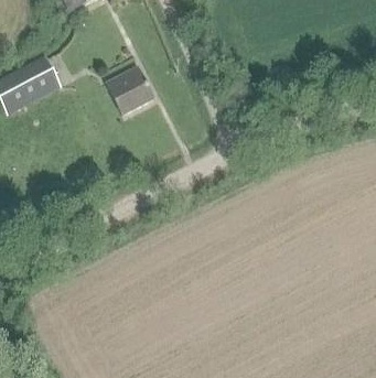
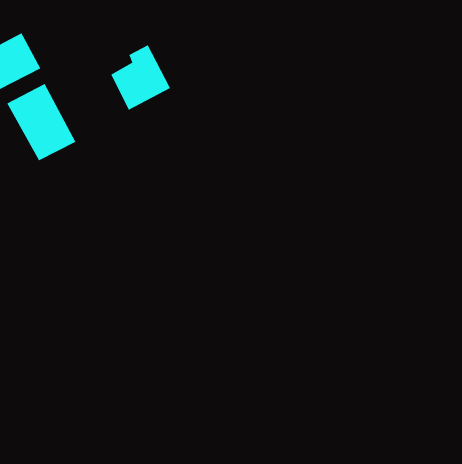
building: none -> [6,83,76,161]

